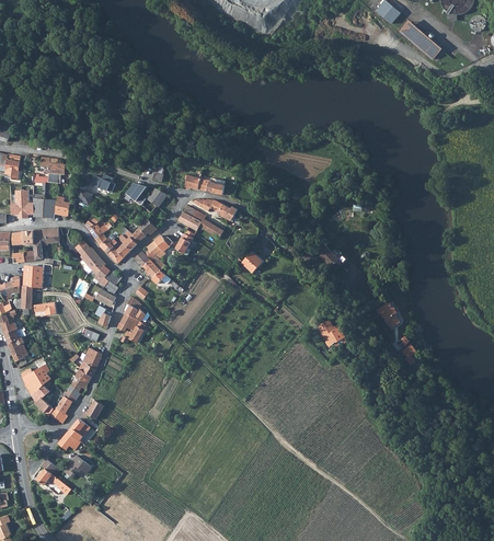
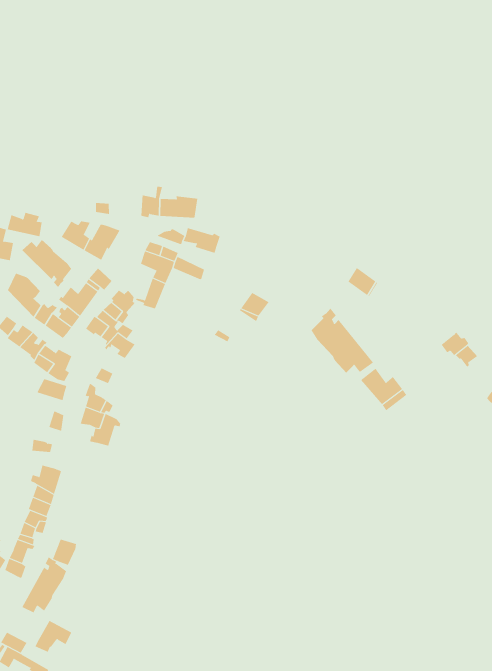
building: none -> [22,239,72,288]
building: none -> [311,308,374,374]

